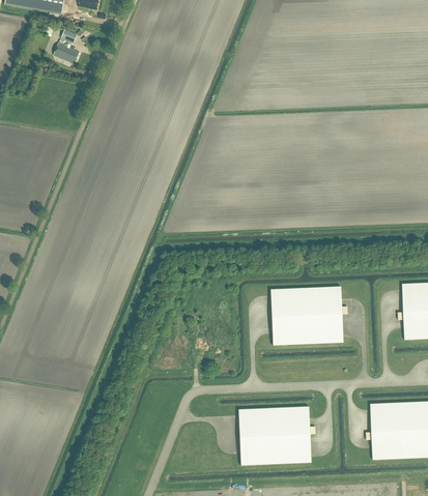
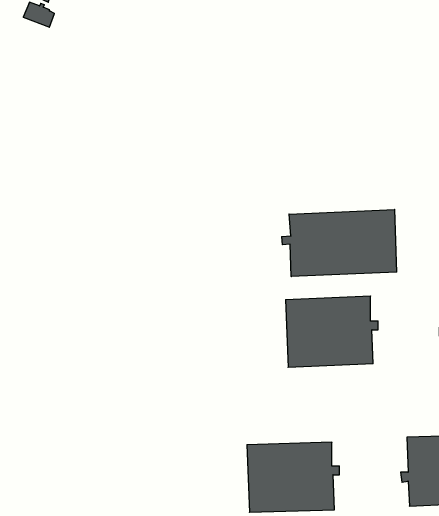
building: none -> [282,209,397,277]

